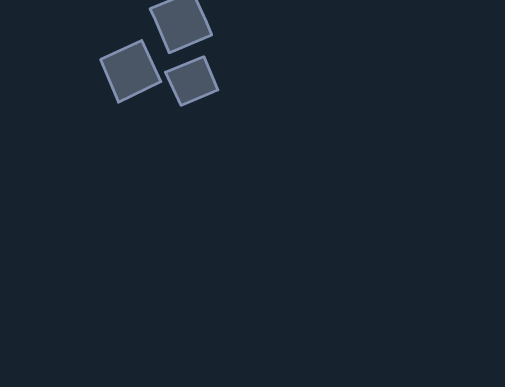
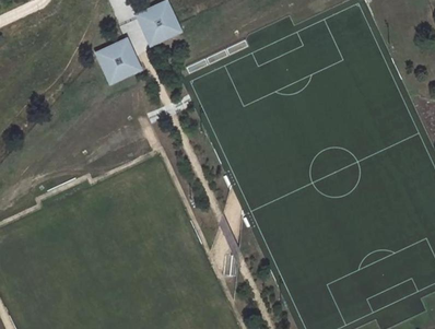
building: [165,57,218,105] -> none

